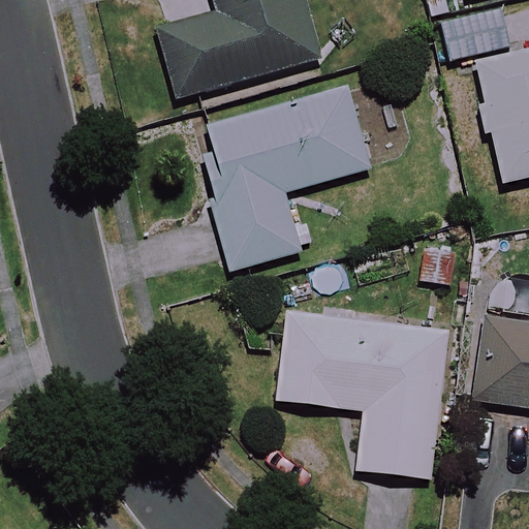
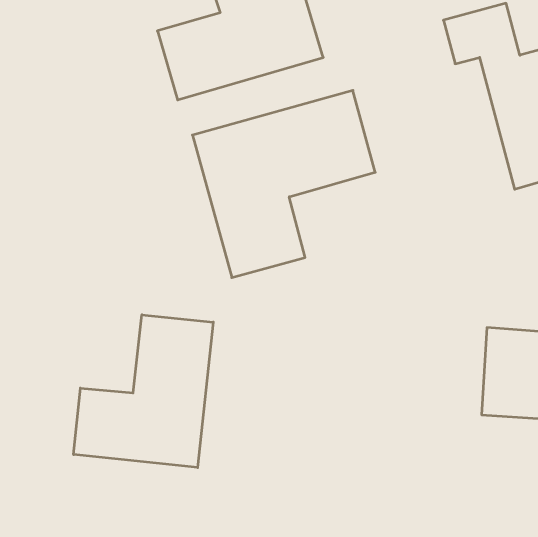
building: none -> [74,315,213,468]
building: [276,312,452,477] -> none

